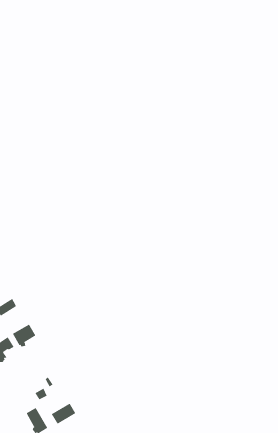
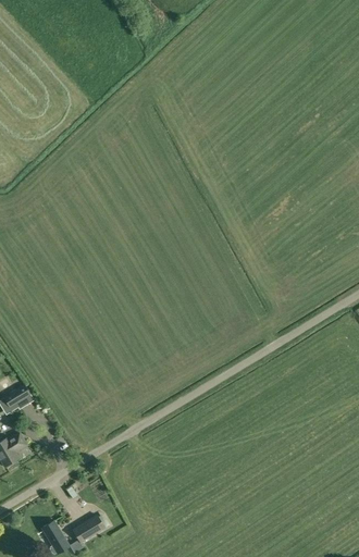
building: [12,324,36,347] -> none

